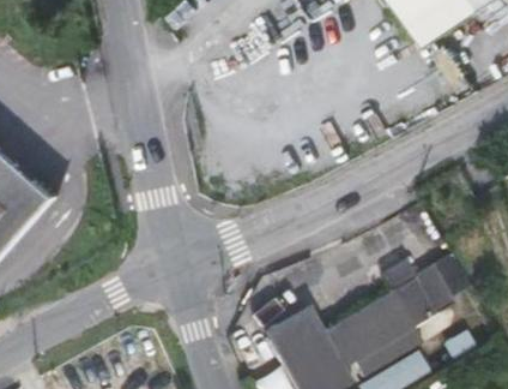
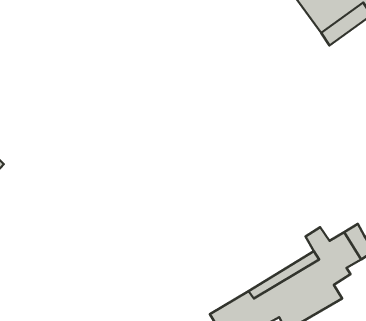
building: [267,306,328,360] -> none

